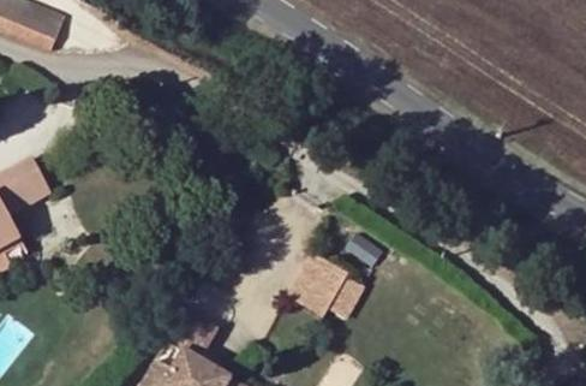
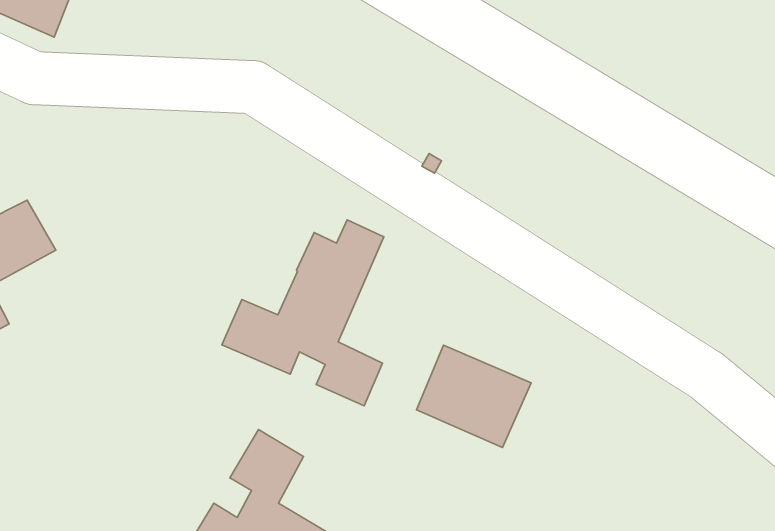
building: none -> [222,220,384,406]

